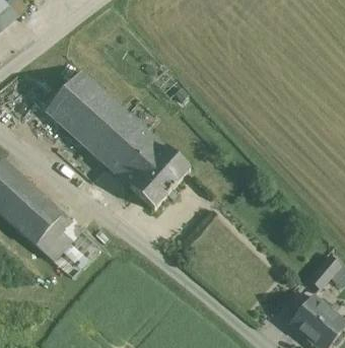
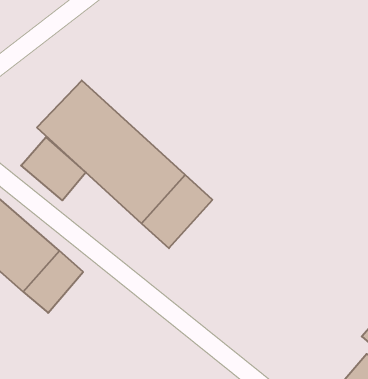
building: none -> [21,137,86,200]

